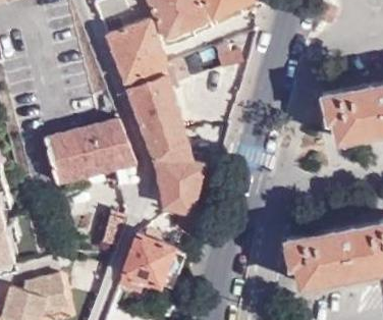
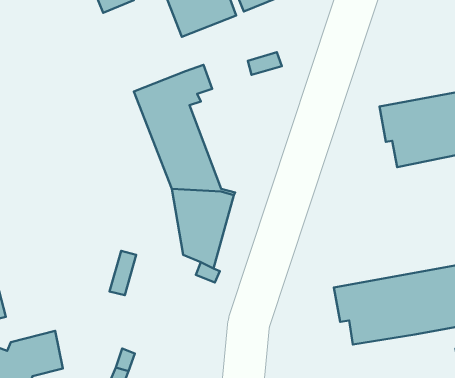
building: [101,20,165,84] -> none
building: [47,120,135,183] -> none
building: [116,230,175,294] -> none

